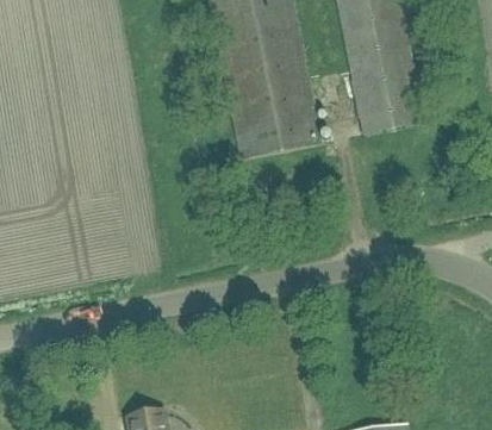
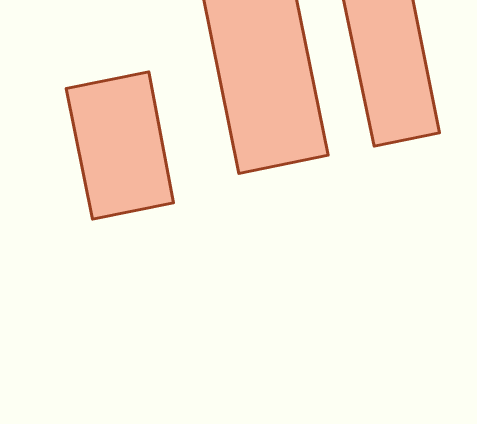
building: none -> [66,72,174,219]

